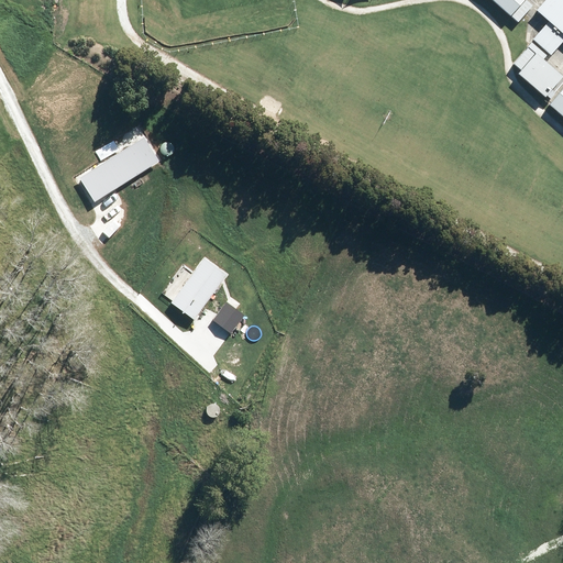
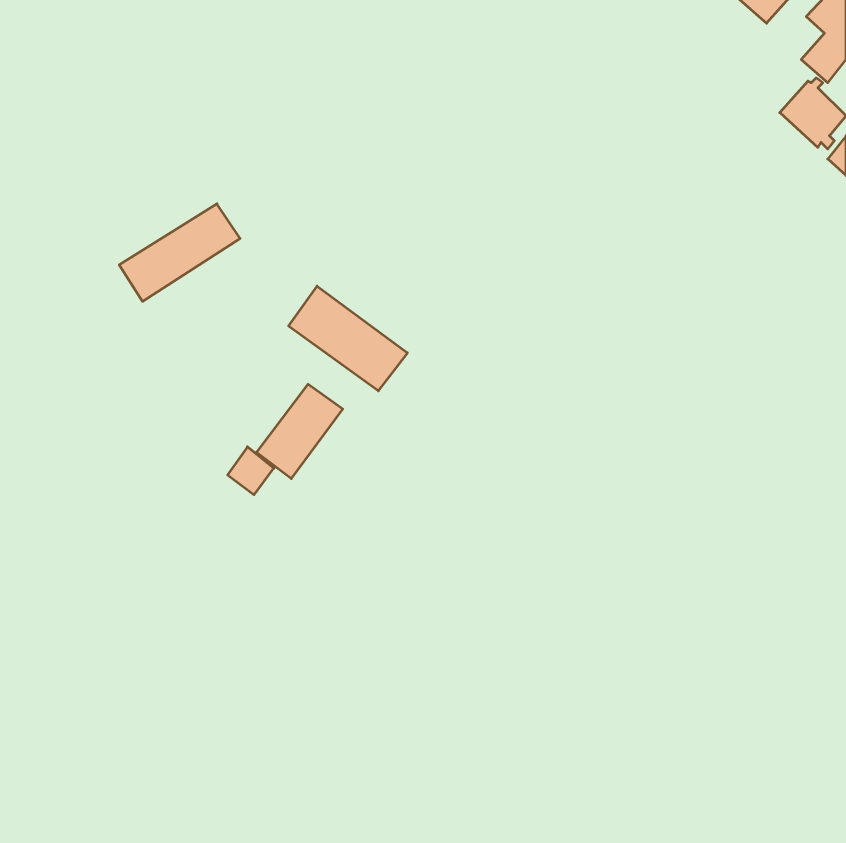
building: none -> [289,286,407,391]
building: [213,299,244,331] -> [228,447,274,495]

